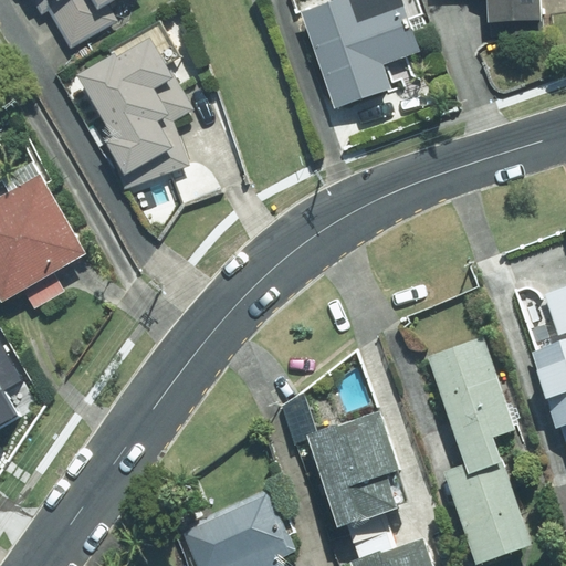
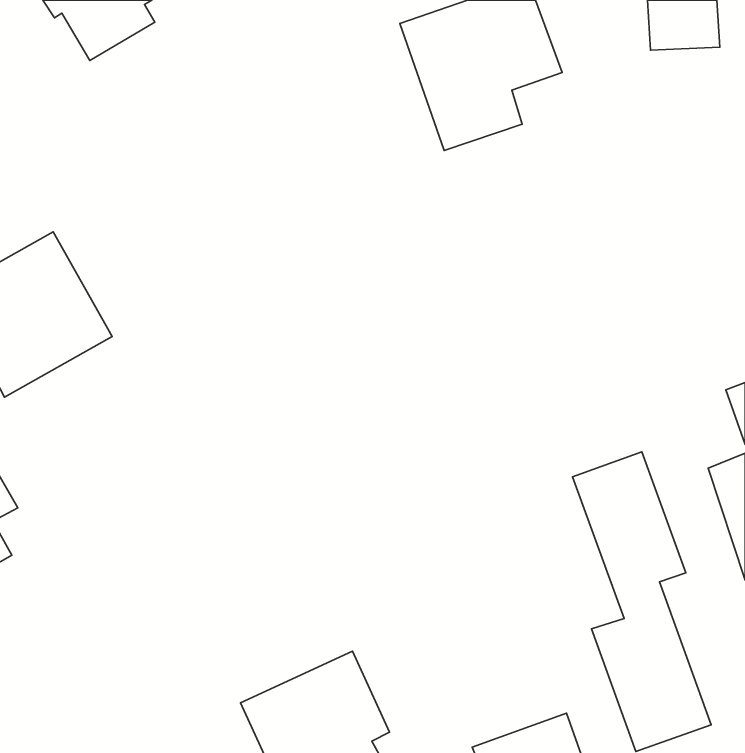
building: [81,34,193,188] -> none
building: [310,408,403,525] -> none

